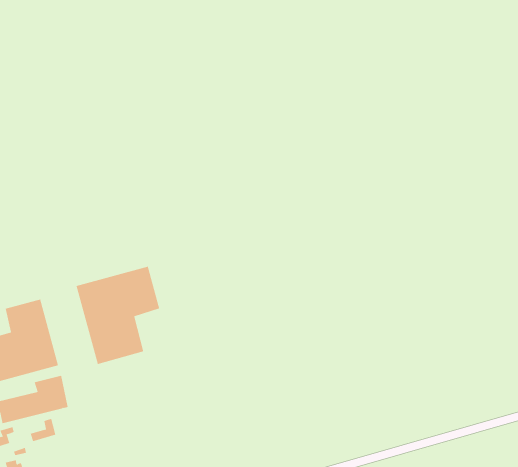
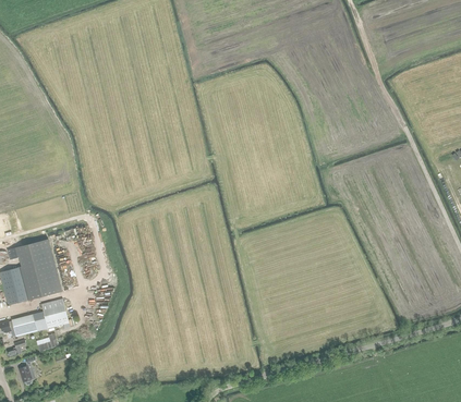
building: [76,266,160,365] -> none

